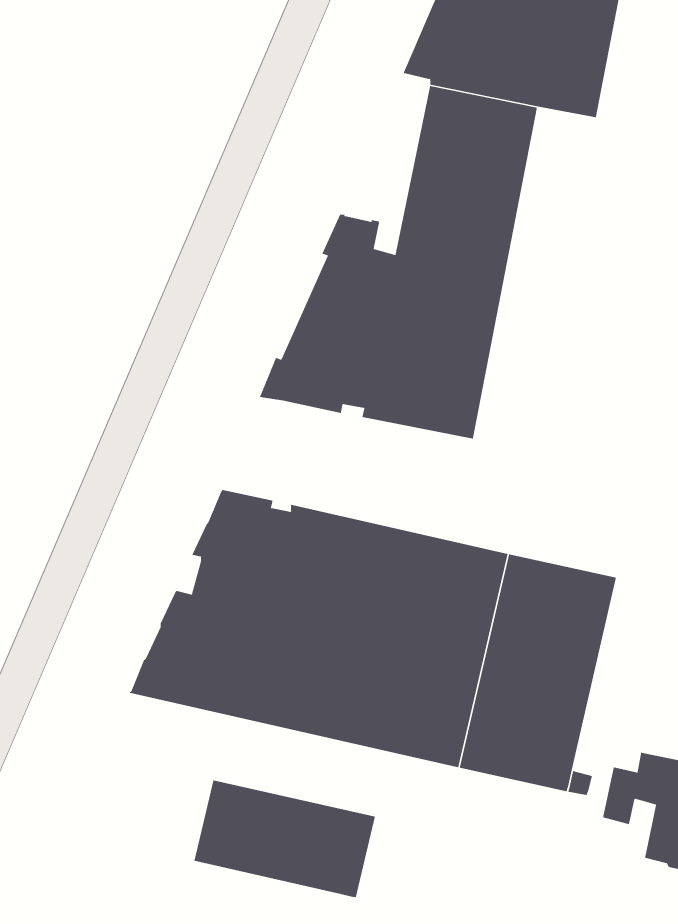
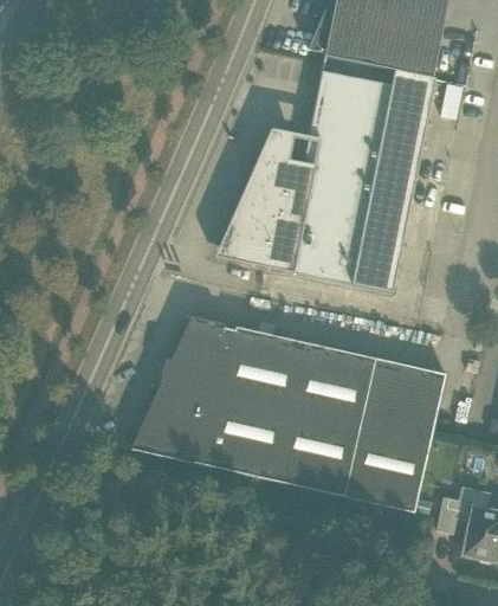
building: none -> [353,70,435,291]
building: [194,779,376,898] -> none

